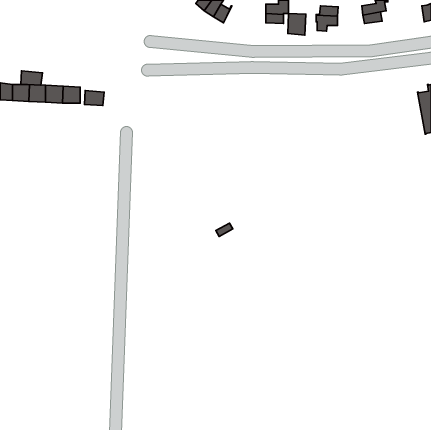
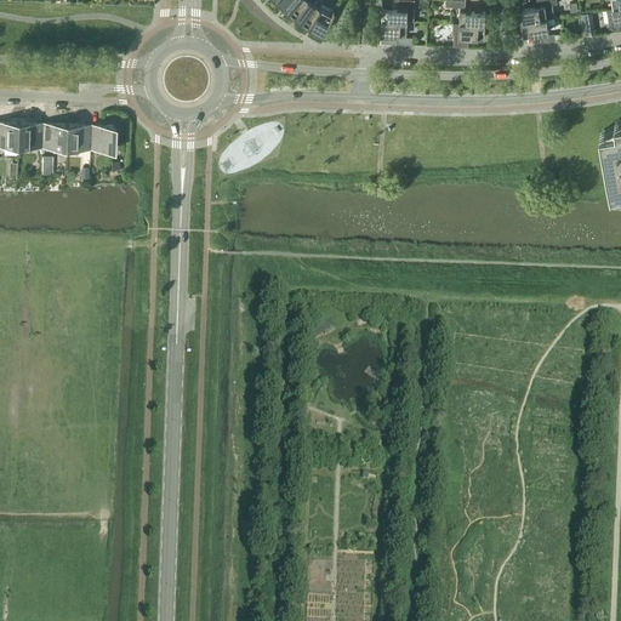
building: [288,14,306,35] -> none
building: [21,71,42,85] -> none
building: [84,90,104,105] -> none

